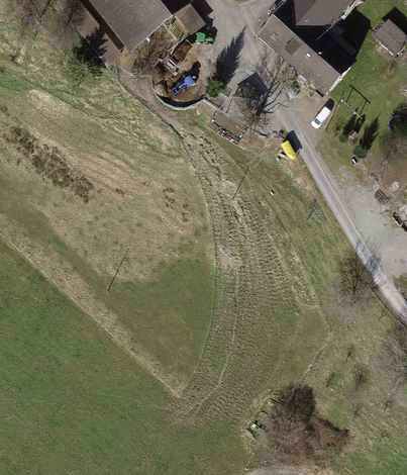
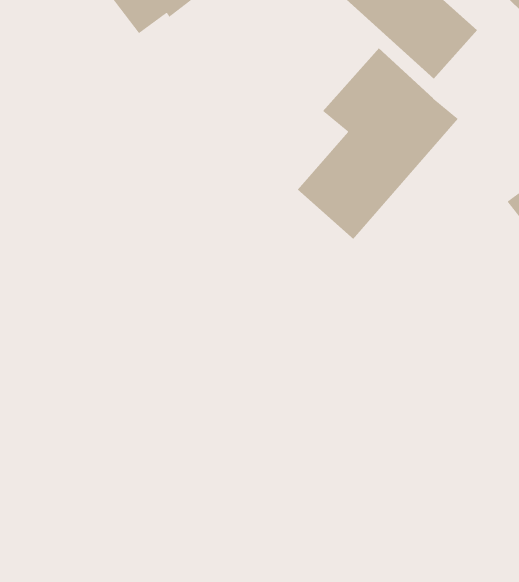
building: none -> [297,47,459,240]

